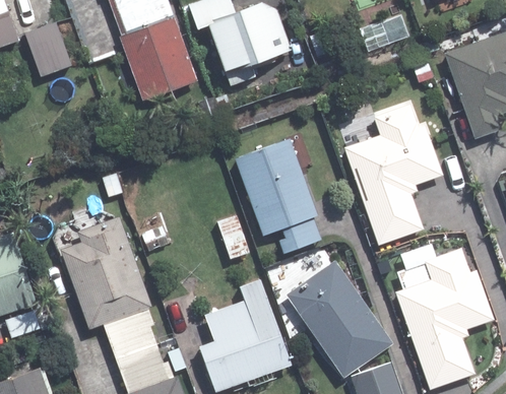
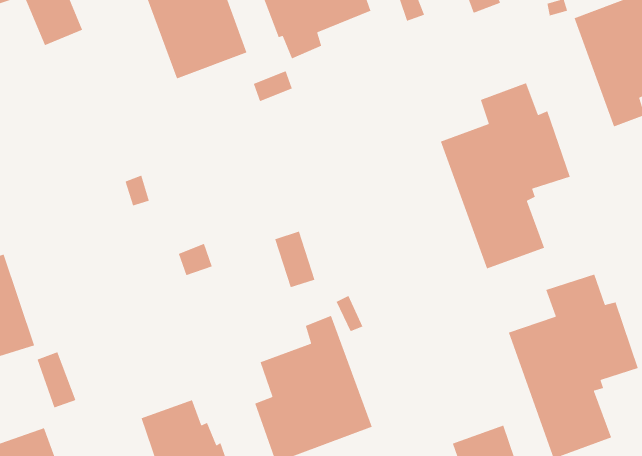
building: [233,137,321,253] -> none
building: [61,216,154,357] -> none
building: [286,262,389,377] -> none

